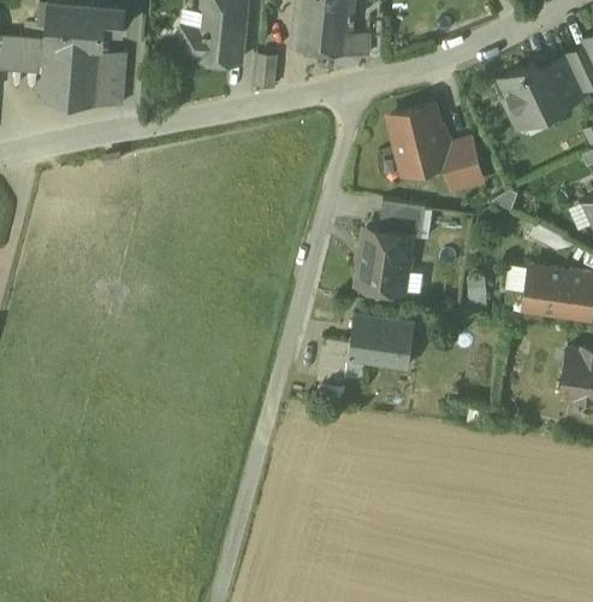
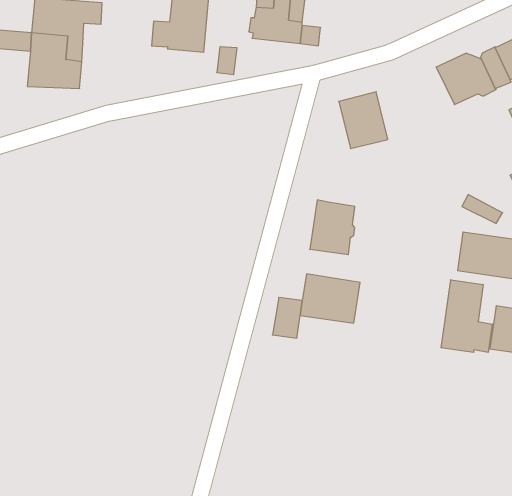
building: [100,54,126,106] -> none
building: [443,141,482,190] -> none
building: [379,201,426,240] -> none
building: none -> [441,280,492,352]

